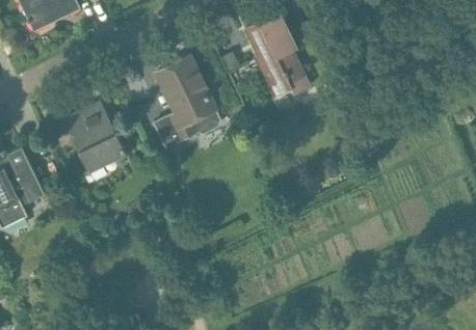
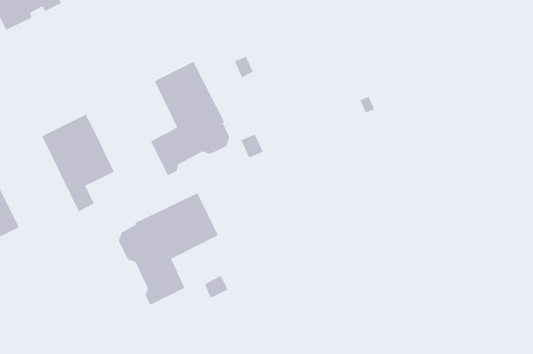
building: [245,12,311,94] -> none
building: none -> [118,192,219,306]

